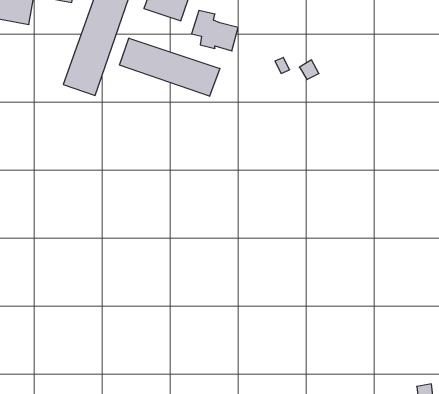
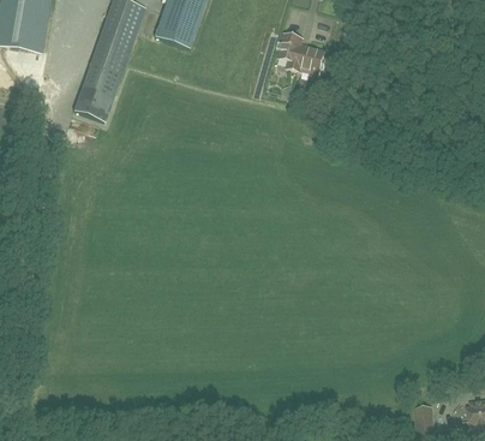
building: [192,10,238,51] -> [279,32,324,72]
building: [120,38,220,96] -> none

